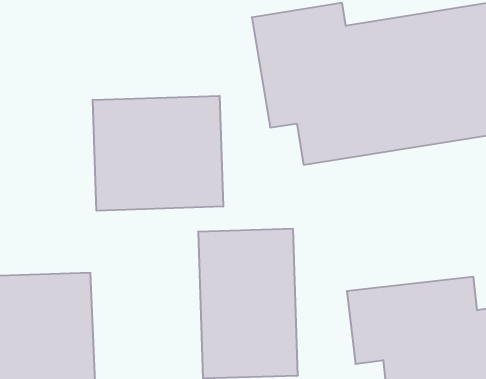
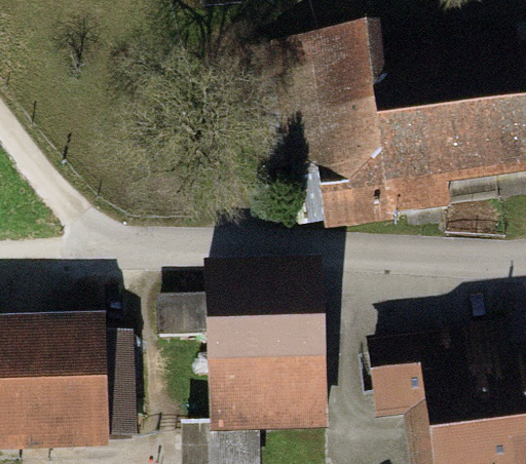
building: [93,96,223,211] -> none

